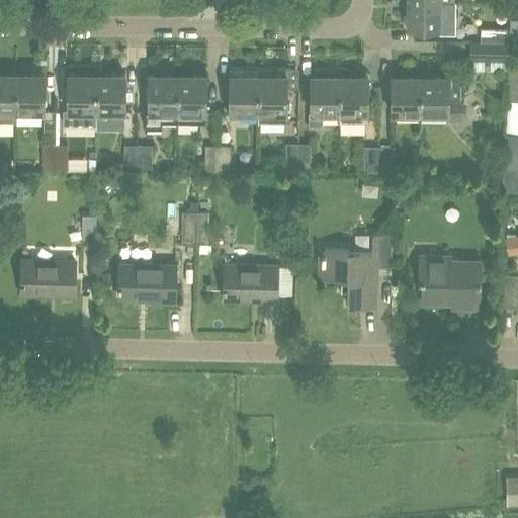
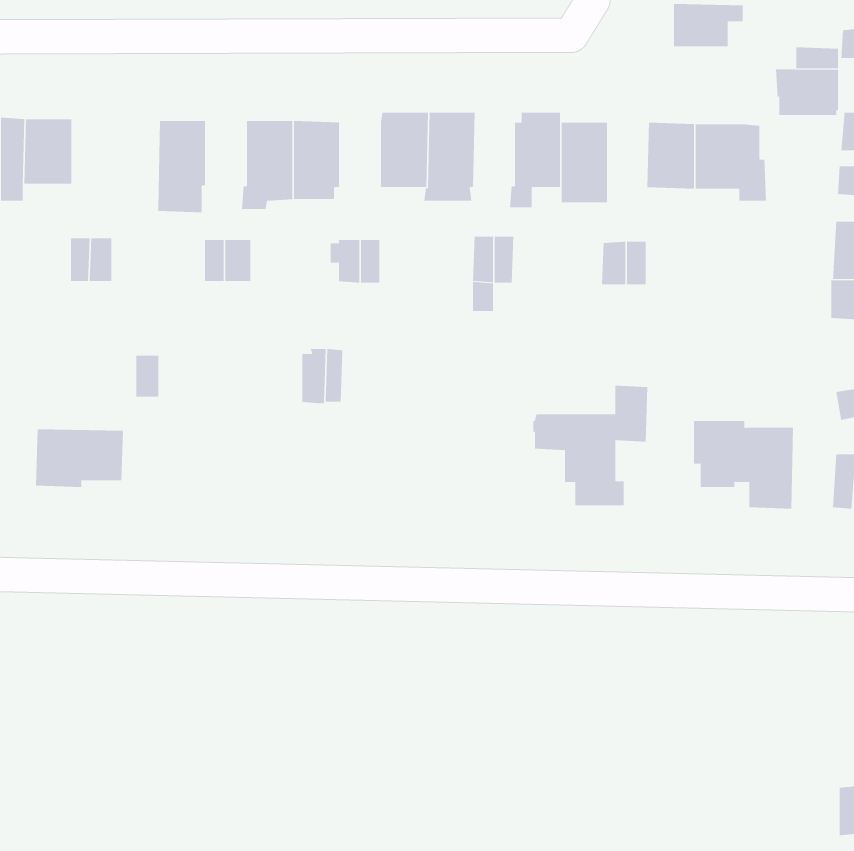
building: [64,76,97,128] -> none
building: [119,265,177,304] -> none
building: [225,267,277,303] -> none

